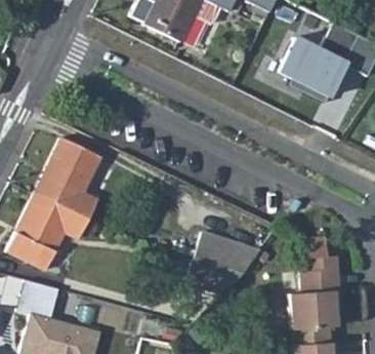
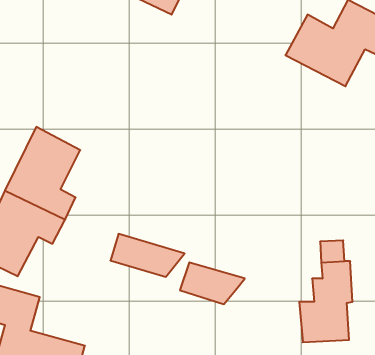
building: [196,235,261,273] -> [110,234,185,277]

